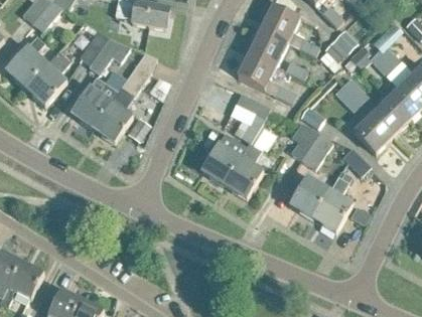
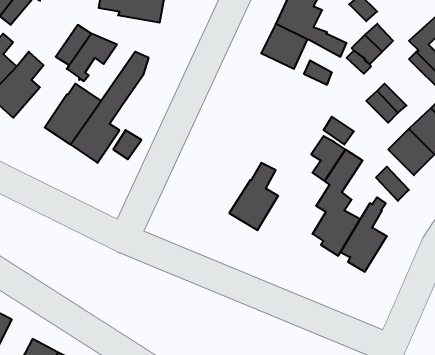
building: [237,52,296,104] -> none
building: [235,93,270,142] -> none
building: [200,132,240,184] -> none

